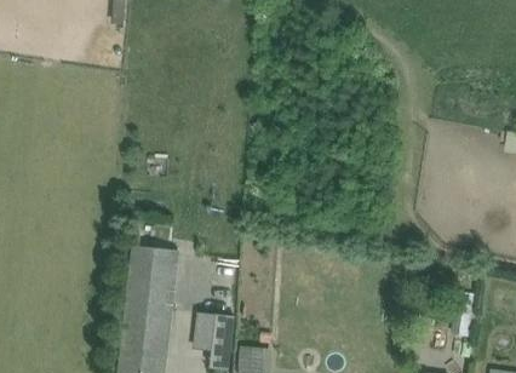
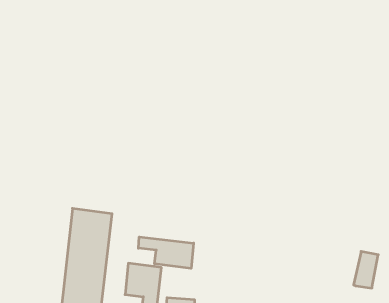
building: none -> [138,237,194,268]

